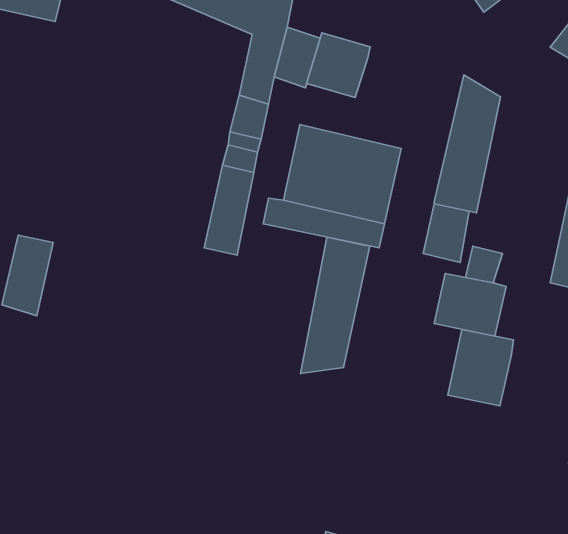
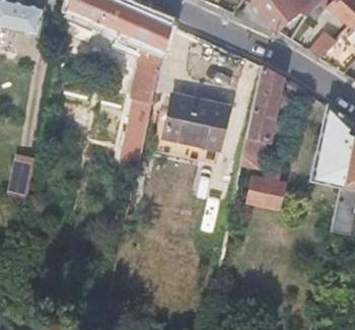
building: [307,33,370,98] -> none
building: [301,237,370,373] -> none
building: [448,330,514,406] -> none

